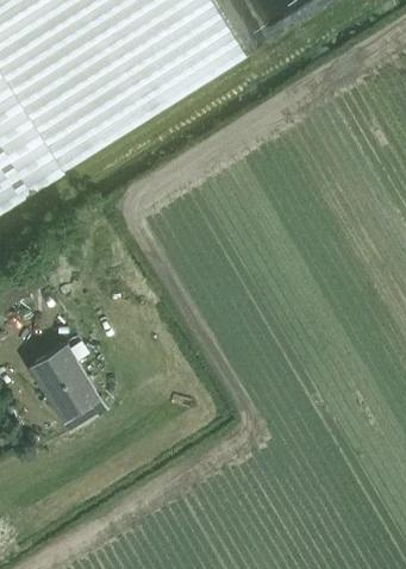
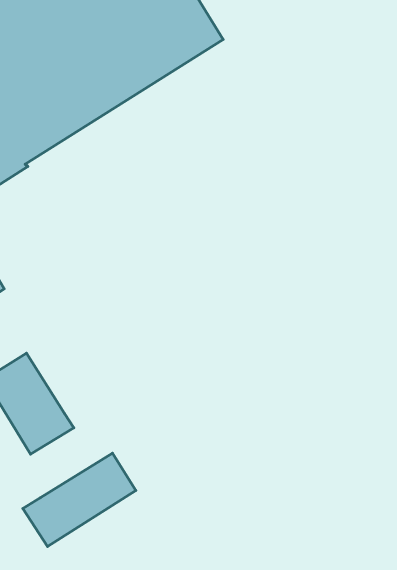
building: none -> [23,453,136,547]

